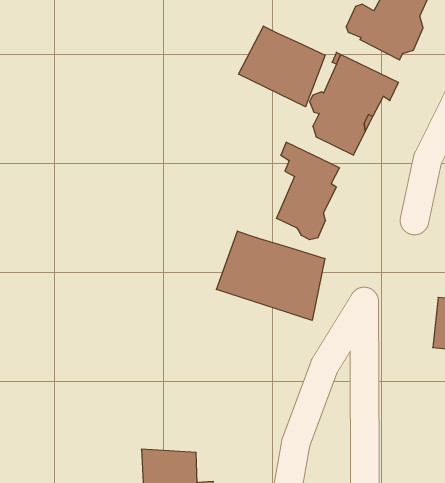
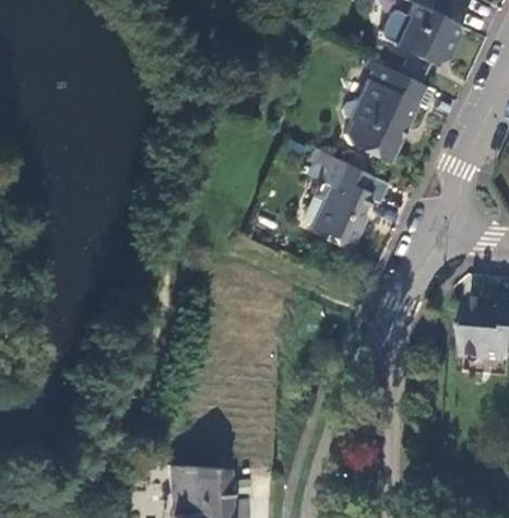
building: [239,26,325,107] -> none
building: [216,231,325,320] -> none

